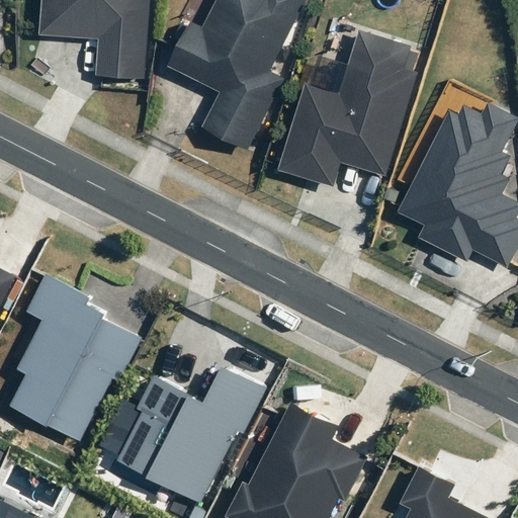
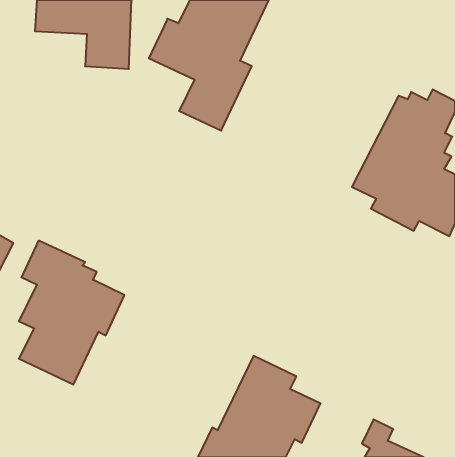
building: [281,27,417,185] -> none
building: [112,365,265,502] -> none

